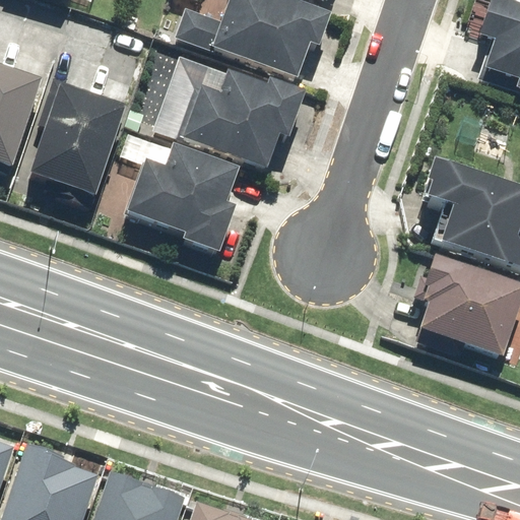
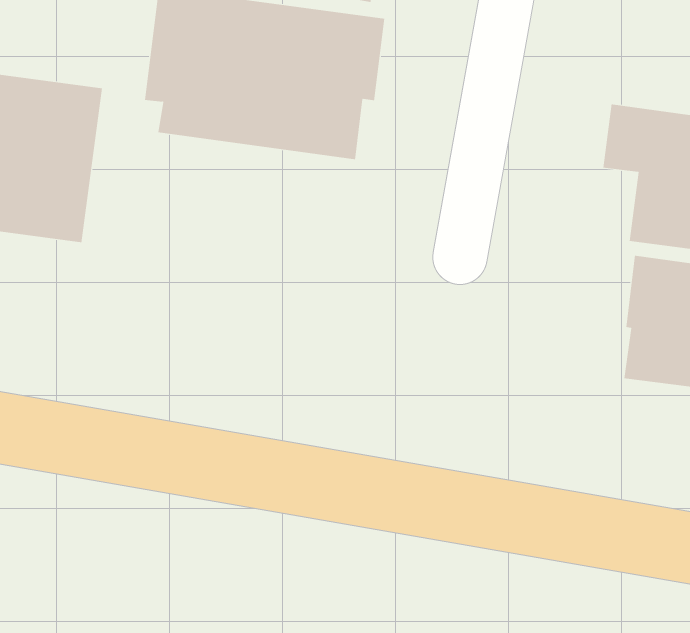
building: [128,148,239,254] -> none

